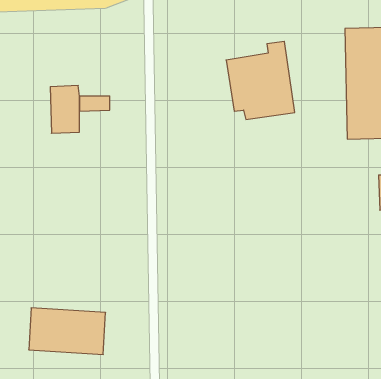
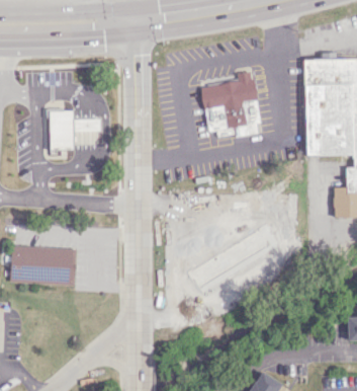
building: [29,308,106,354] -> [10,244,77,285]

